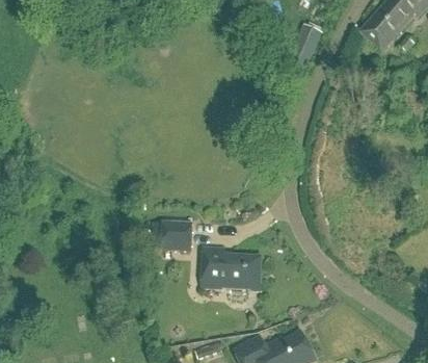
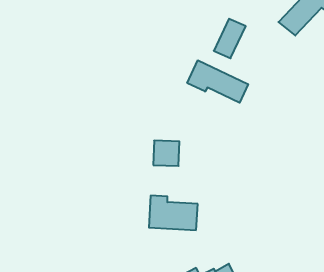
building: none -> [187,60,248,103]
building: [159,218,191,250] -> [153,141,179,166]

